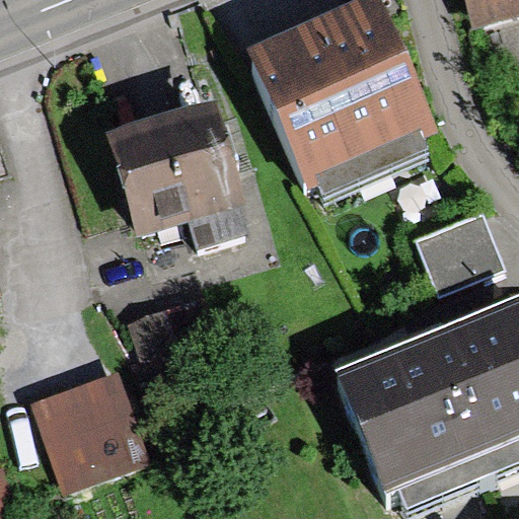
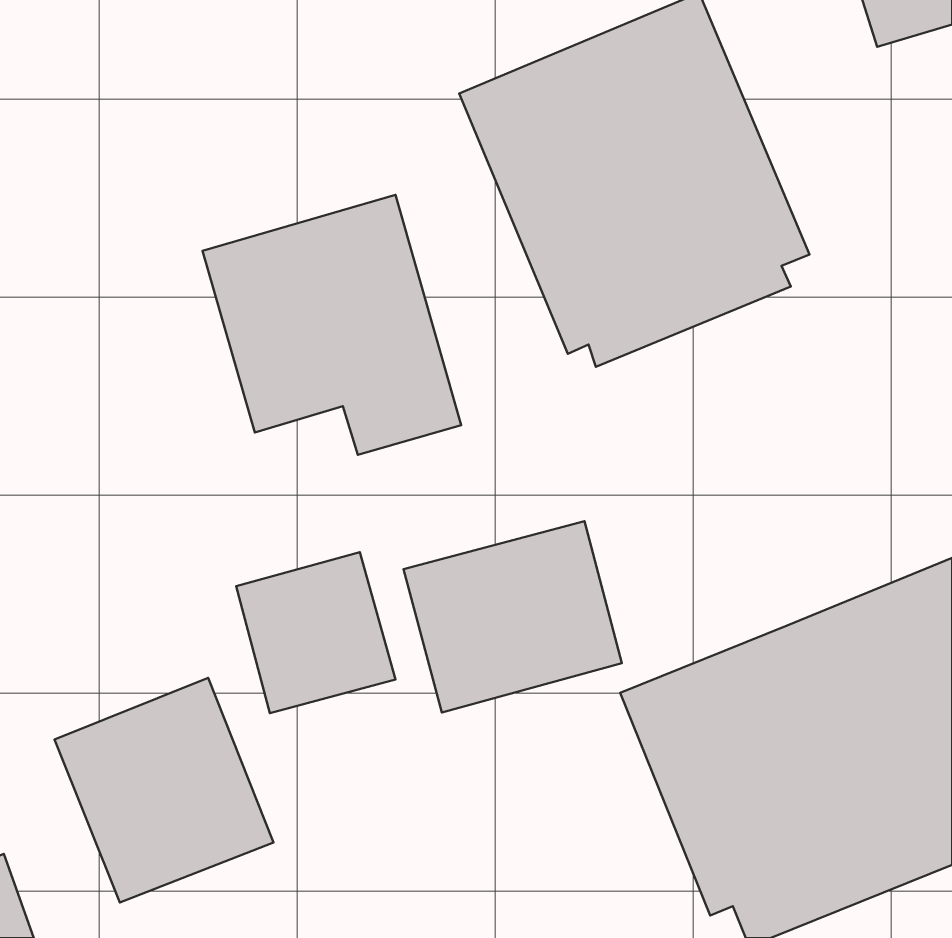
building: [414,210,504,293] -> none
building: none -> [403,521,622,712]

